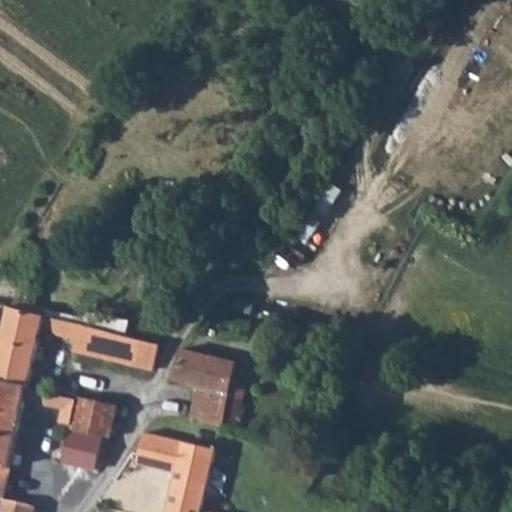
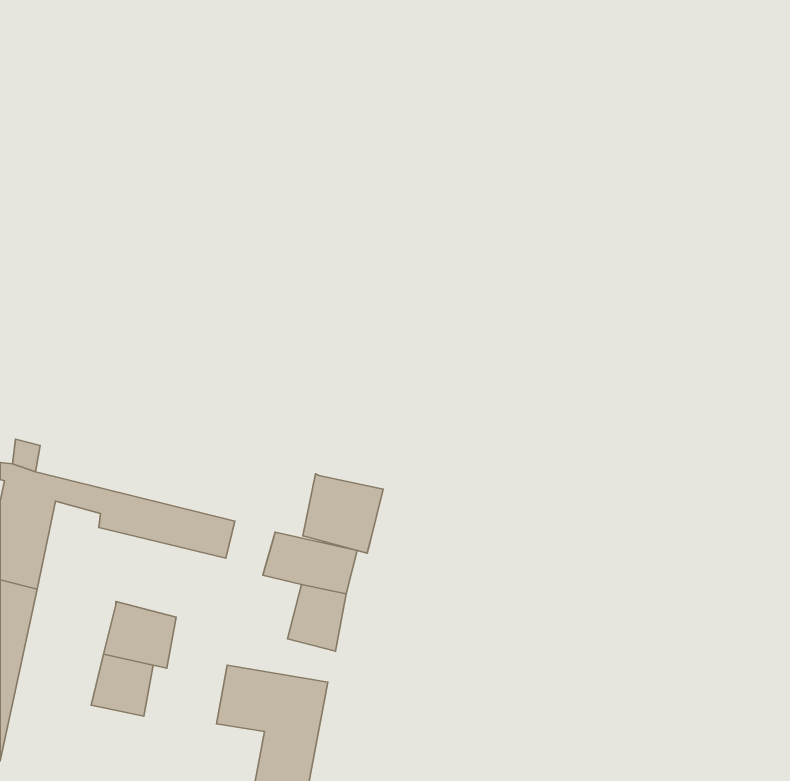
building: none -> [303,474,383,553]

